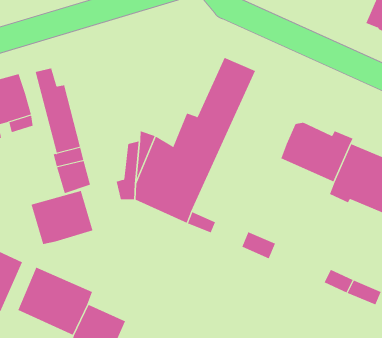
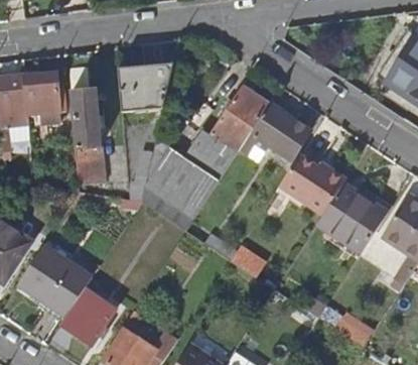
building: none -> [119,60,175,111]
building: none -> [241,104,311,158]
building: [31,190,93,245] -> none

